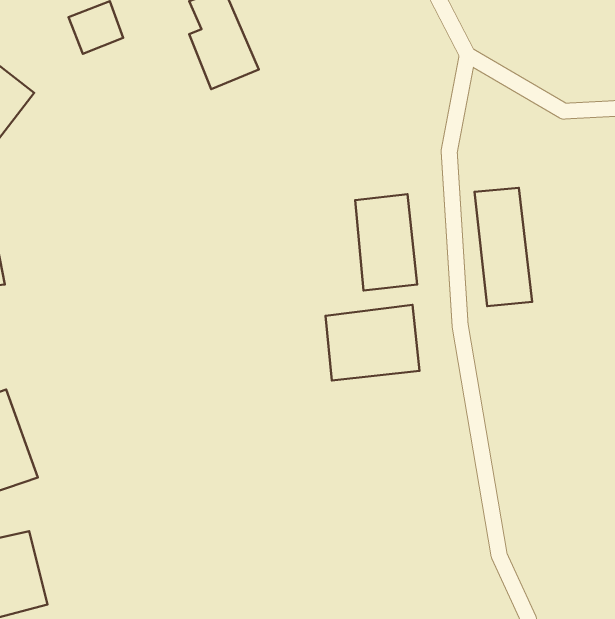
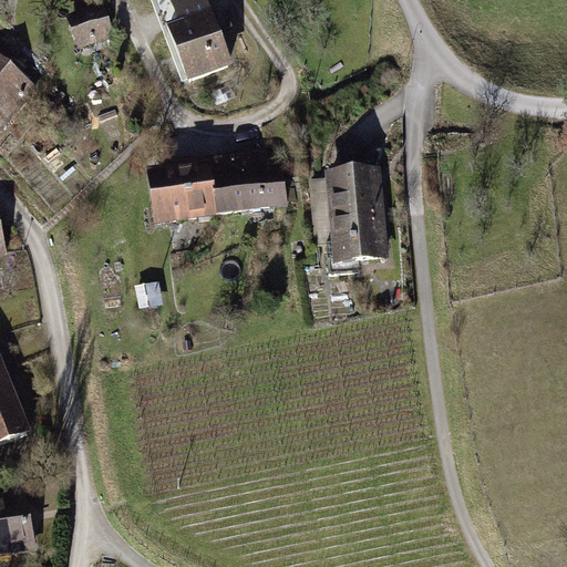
building: none -> [142,157,266,226]
building: [475,188,532,306] -> none
building: [325,305,419,380] -> none

